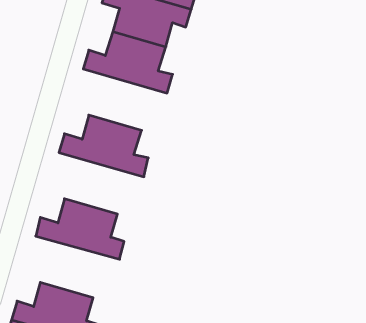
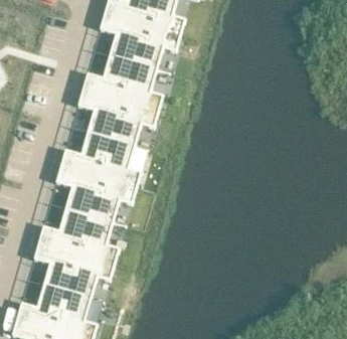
building: none -> [77,90,158,146]
building: none -> [55,166,137,222]
building: none -> [33,242,115,299]

